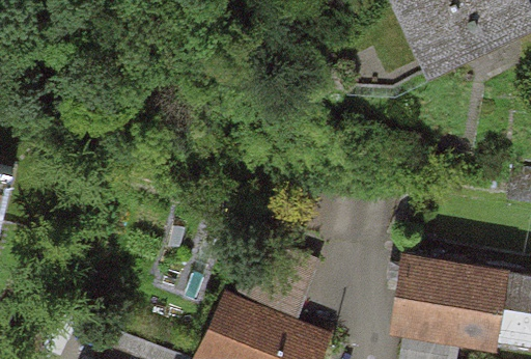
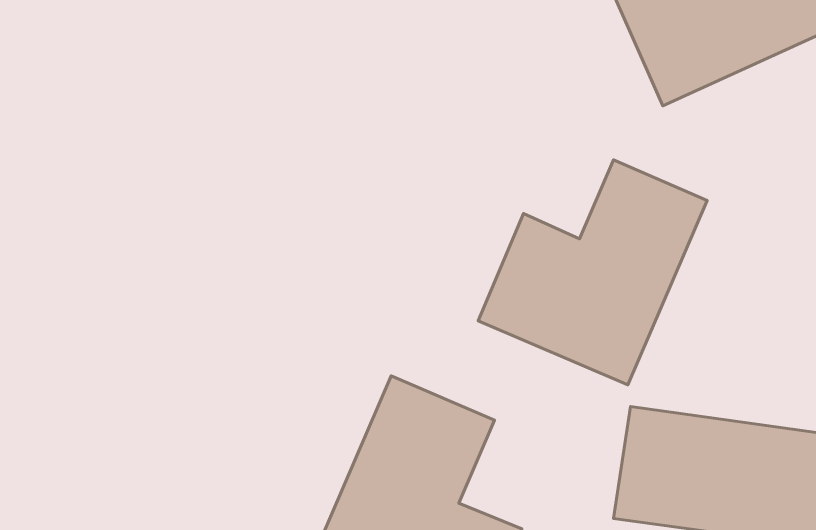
building: none -> [478,160,707,385]

